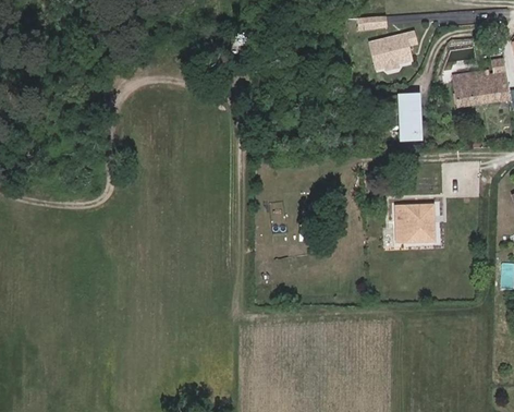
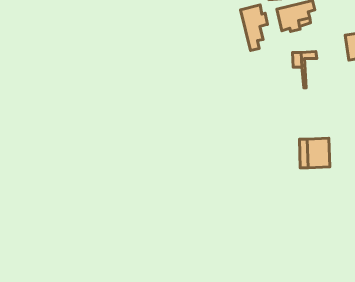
building: none -> [241,5,268,50]
building: [403,105,420,142] -> none

